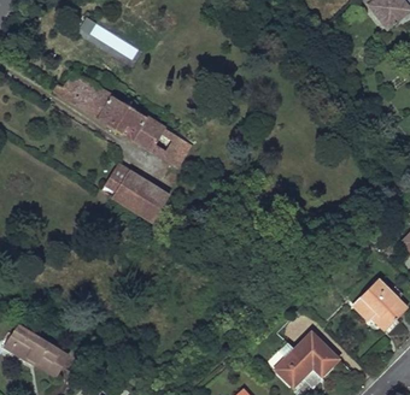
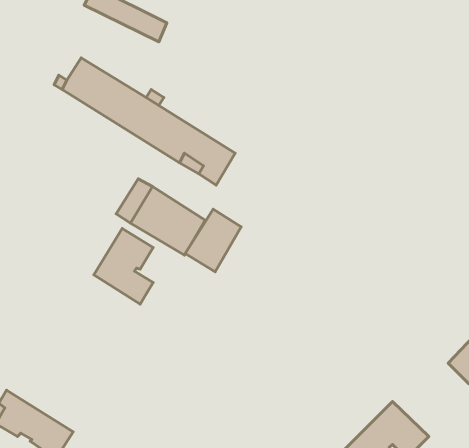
building: none -> [185,209,241,272]
building: none -> [94,229,153,304]

